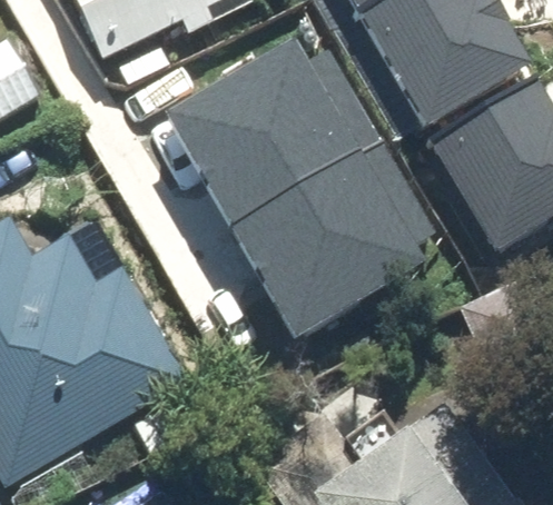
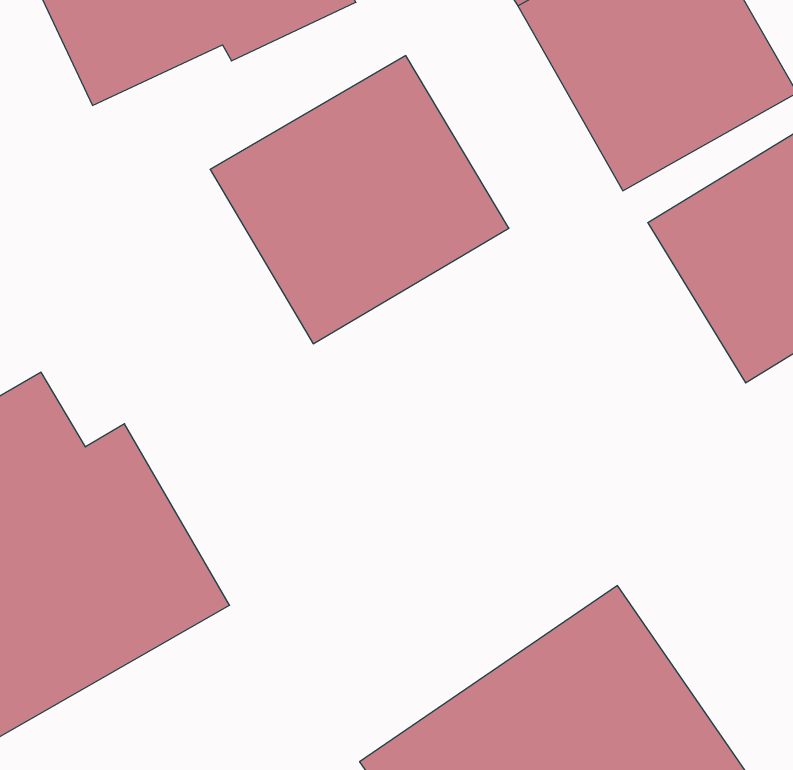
building: [231,148,419,330] -> none

